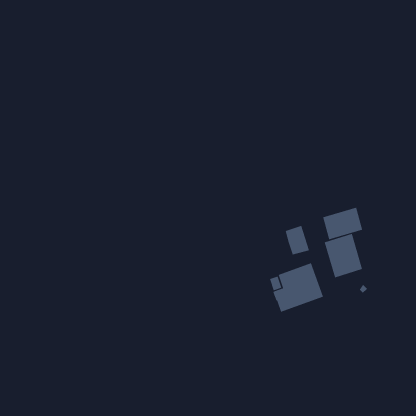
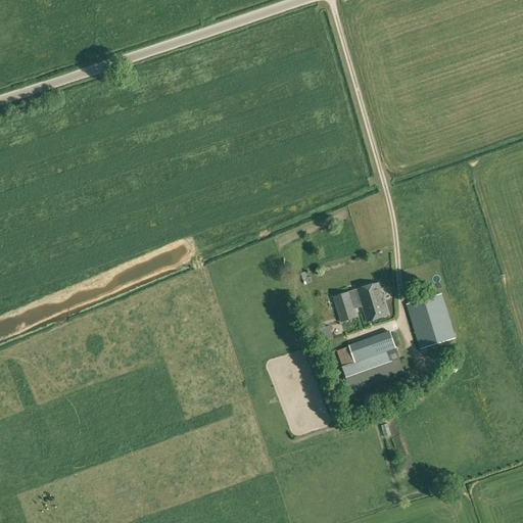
building: [322,207,363,240] -> none
building: none -> [330,289,361,336]

